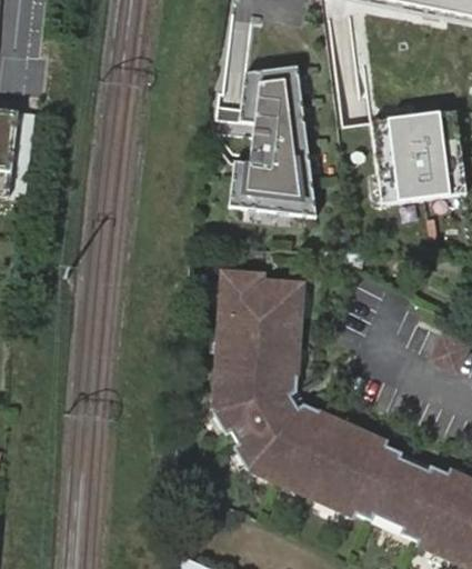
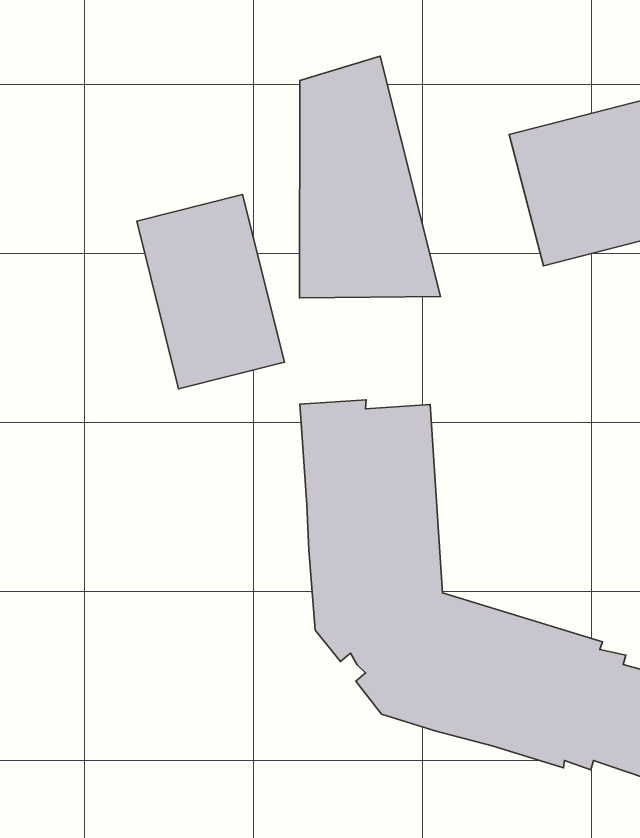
building: none -> [137,194,284,389]

